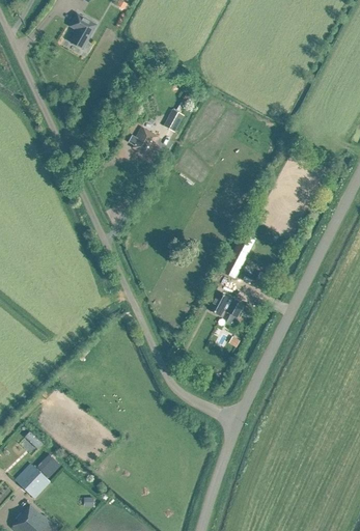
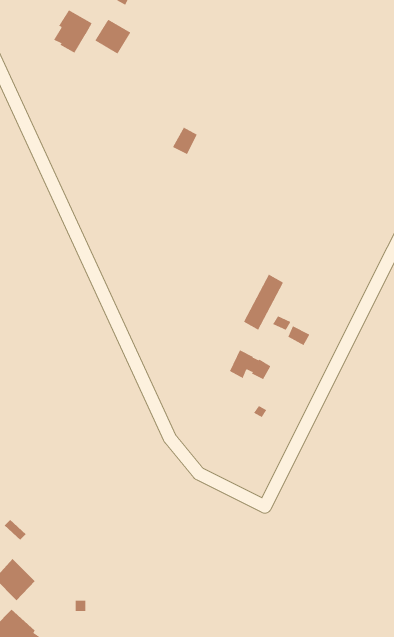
building: none -> [94,19,131,54]
building: [133,129,158,157] -> none

